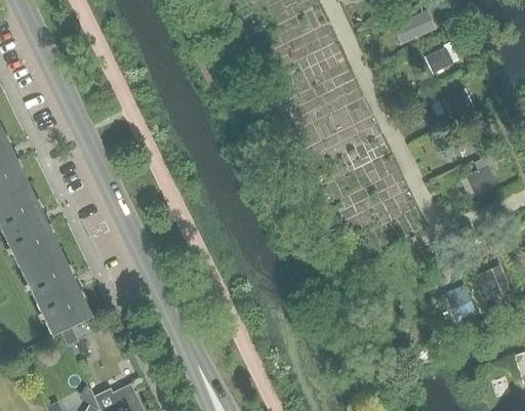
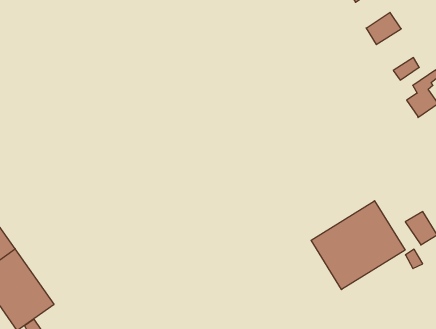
building: none -> [311,201,405,290]

